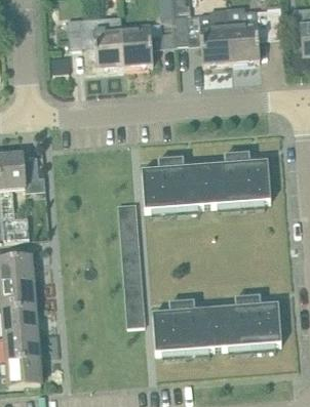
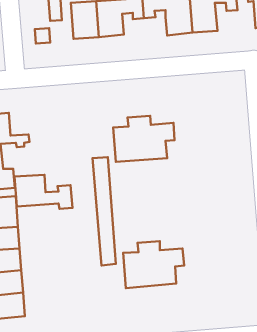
building: [201,152,271,205] -> none
building: none -> [14,175,72,209]
building: [212,294,281,348] -> none

